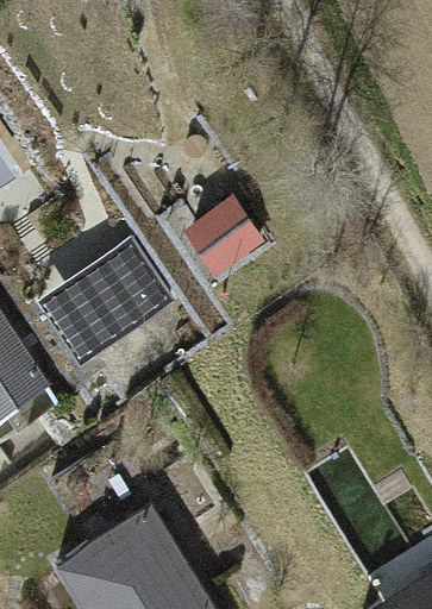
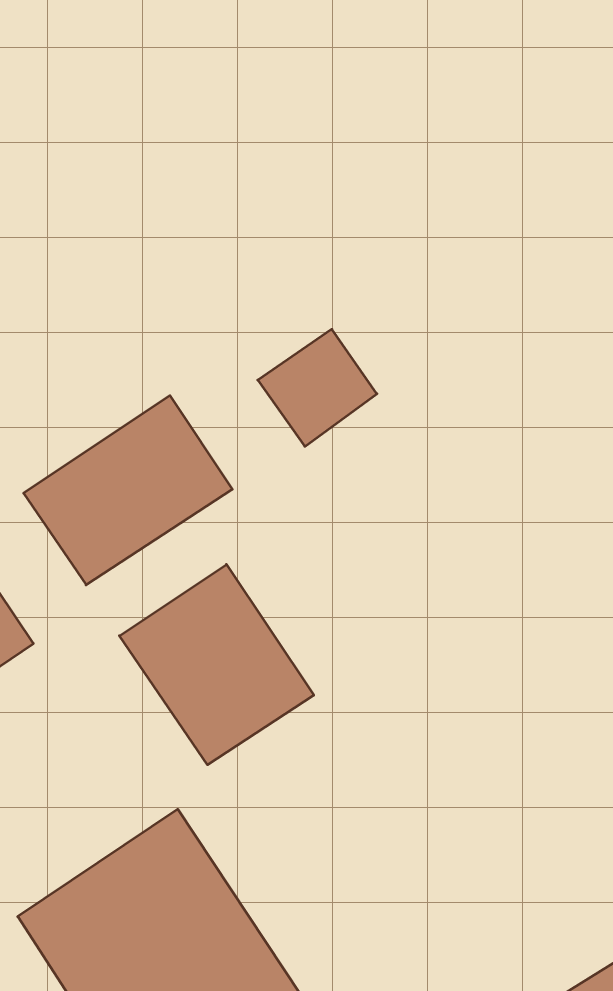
building: none -> [119,564,314,765]

